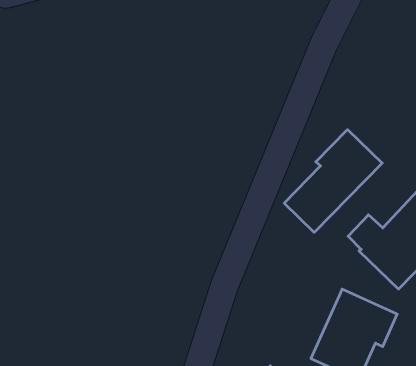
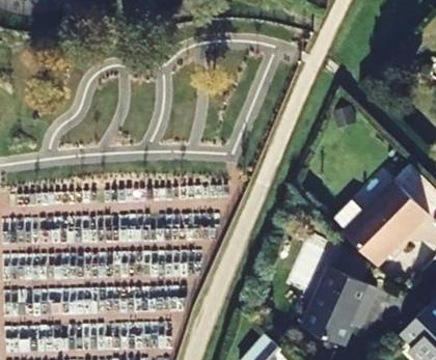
building: [284,130,382,232] -> none

